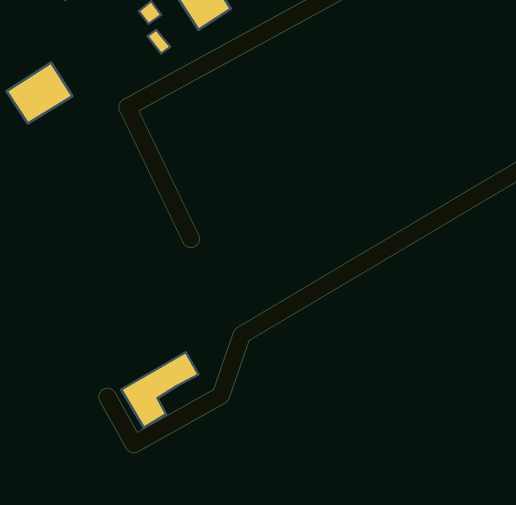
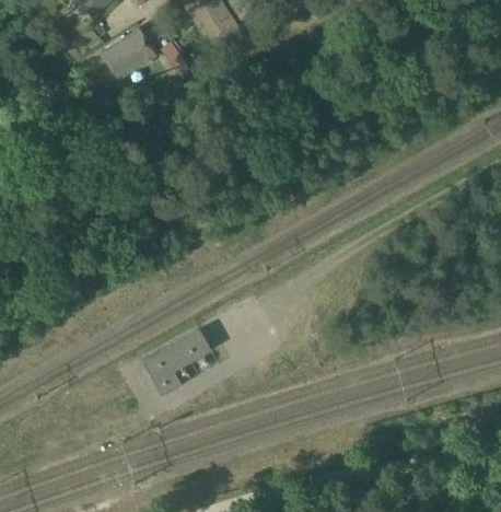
building: [7,63,72,124] -> [100,26,158,80]

